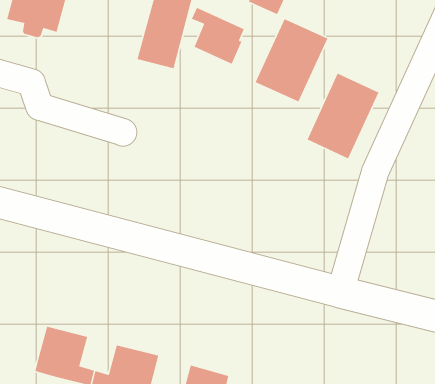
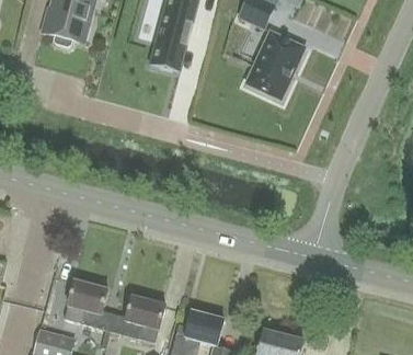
building: [191,7,245,65] -> none
building: [306,73,379,159] -> none

